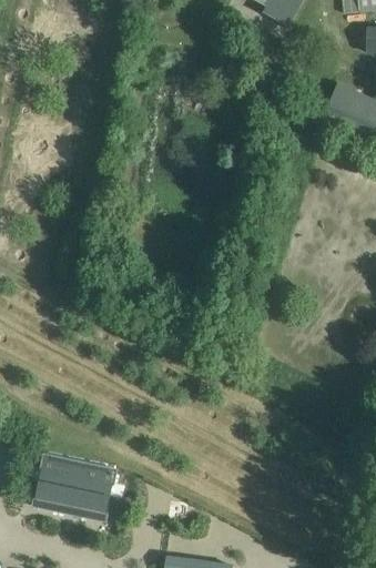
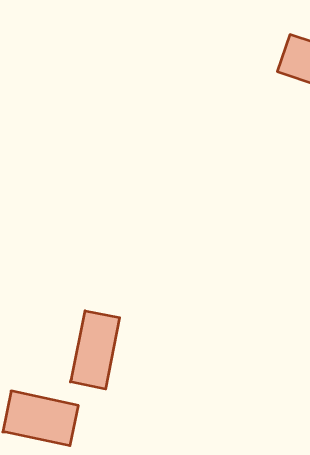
building: none -> [70,311,120,389]

